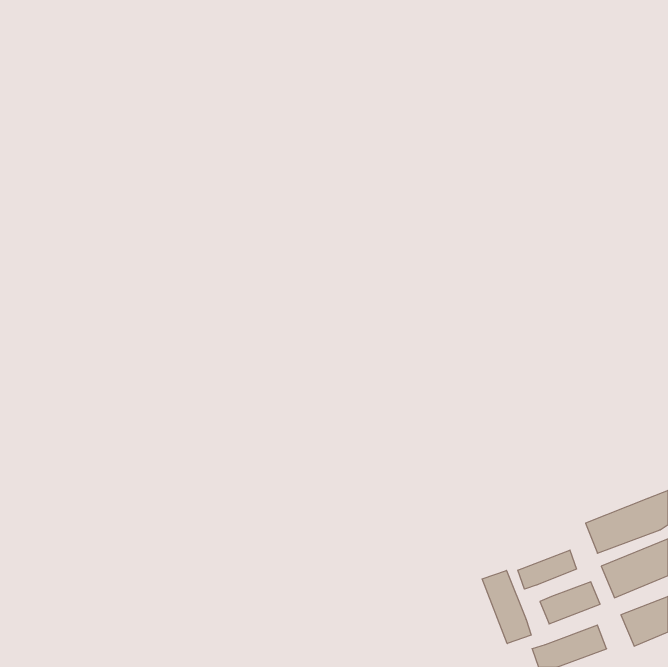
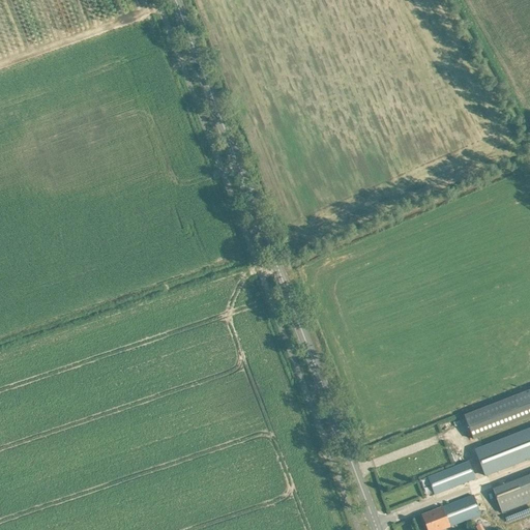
building: [518,550,577,589] -> none
building: [482,570,531,644] -> none

